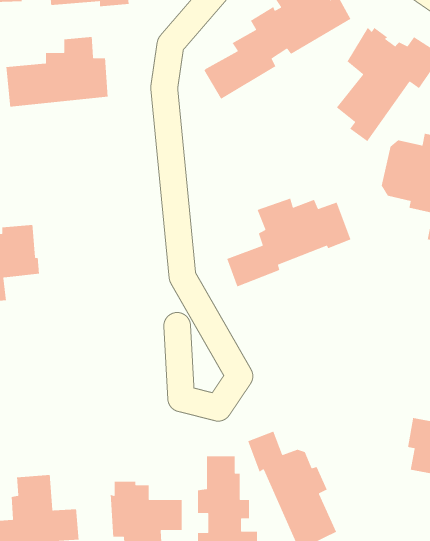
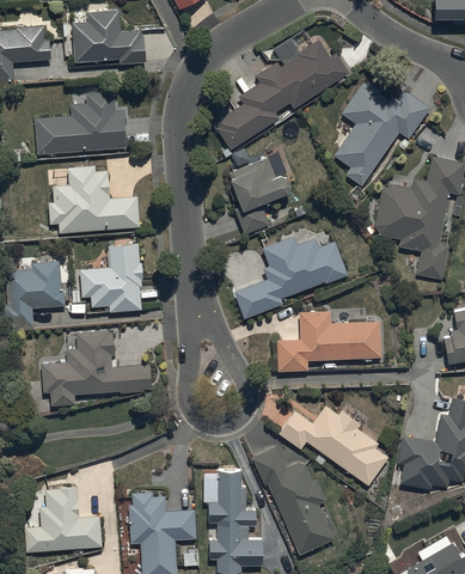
building: none -> [228,158,292,234]
building: none -> [49,167,140,233]
building: none -> [81,244,142,311]
building: none -> [276,312,380,372]
building: none -> [41,332,152,407]
building: none -> [279,405,388,486]

